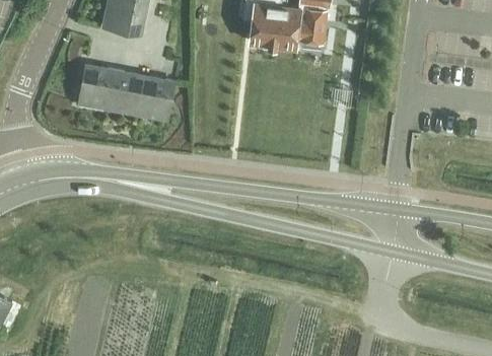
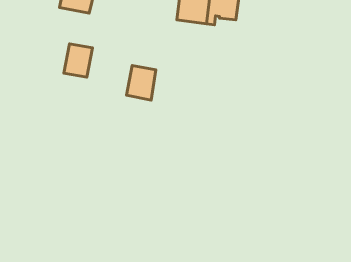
building: [79,67,116,109] -> none
building: [137,77,173,120] -> [126,66,156,100]

